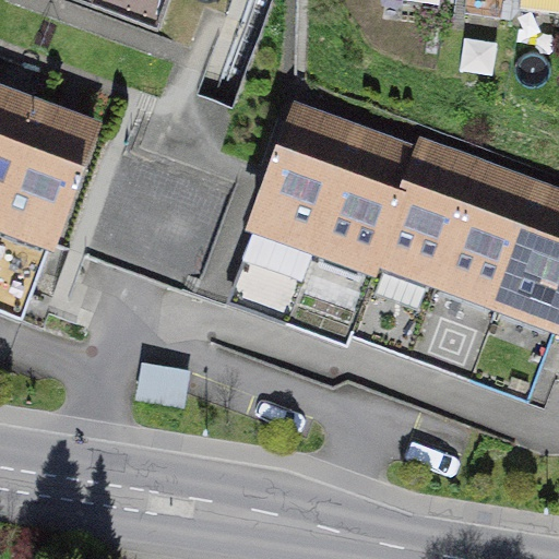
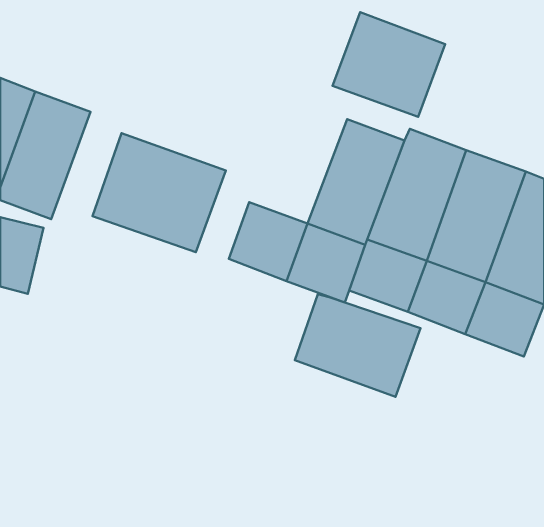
building: none -> [333,12,445,117]
building: [255,99,356,229] -> none
building: none -> [295,294,421,397]

